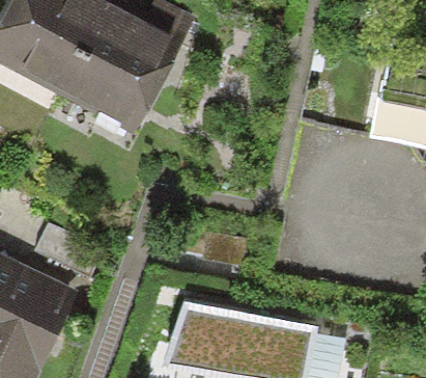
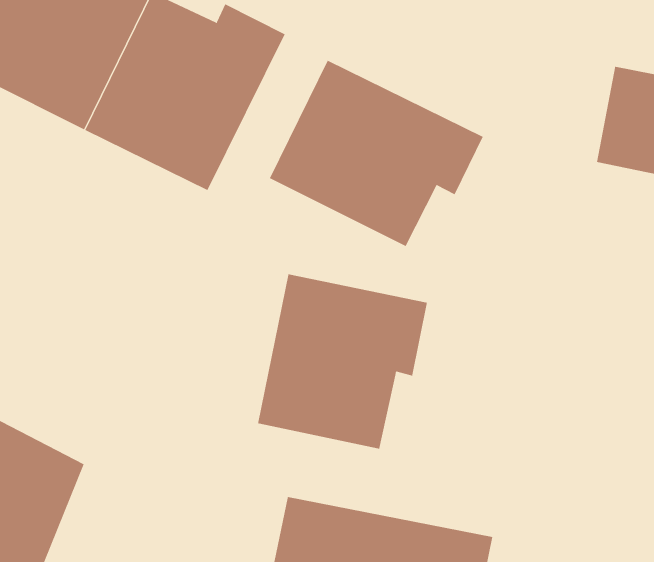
building: none -> [269,60,483,247]
building: none -> [257,274,427,450]

